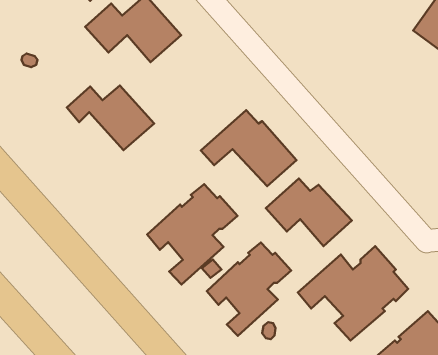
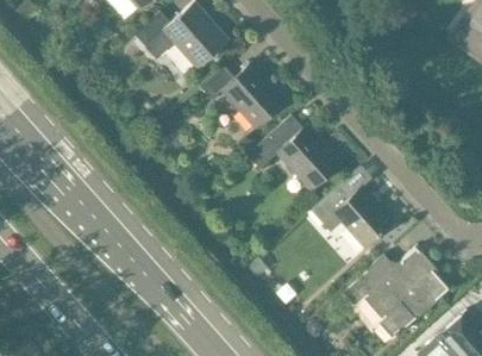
building: [67,85,154,150] -> [200,65,284,129]
building: [147,184,238,284] -> none
building: [207,242,291,336] -> none

